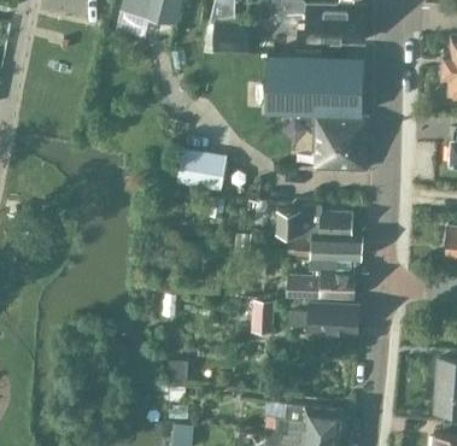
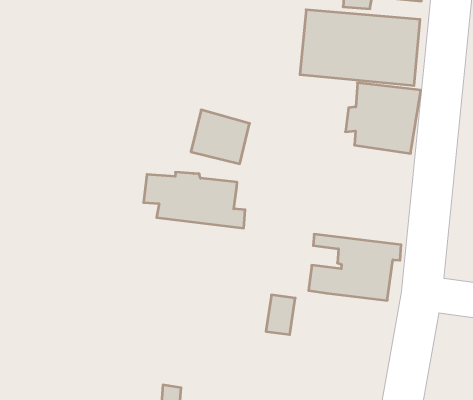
building: [275,207,362,251] -> [144,172,245,228]
building: [291,304,358,334] -> none

